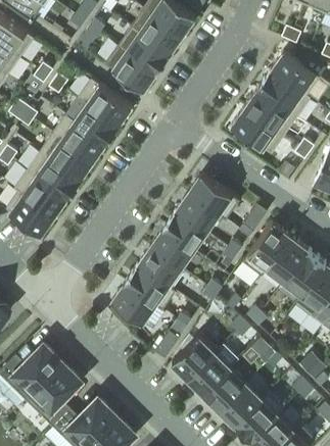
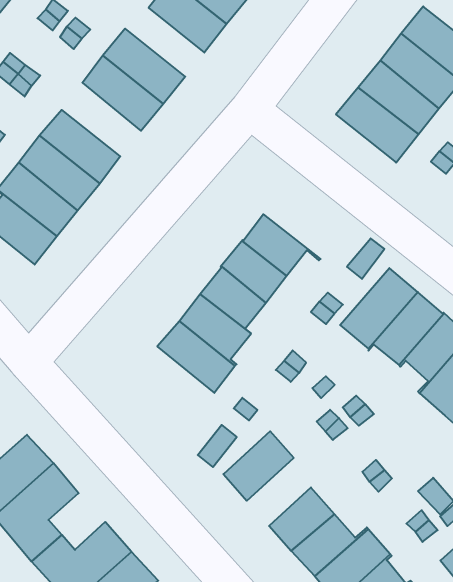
building: [53,116,105,162] -> none
building: [188,175,240,220] -> none
building: [111,284,164,331] -> none
building: [189,350,230,395] -> none

